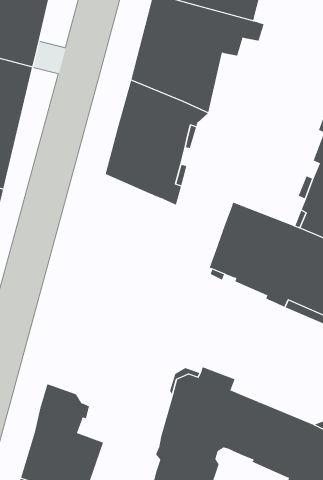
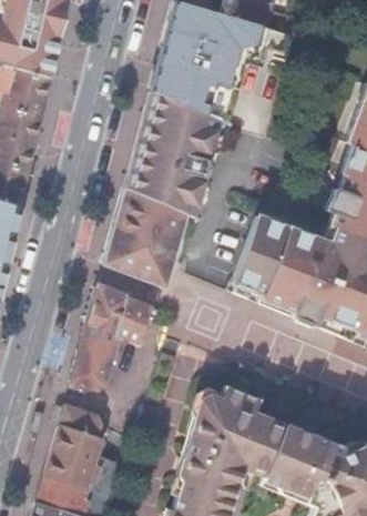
building: none -> [103,188,185,286]
building: none -> [70,284,156,389]

